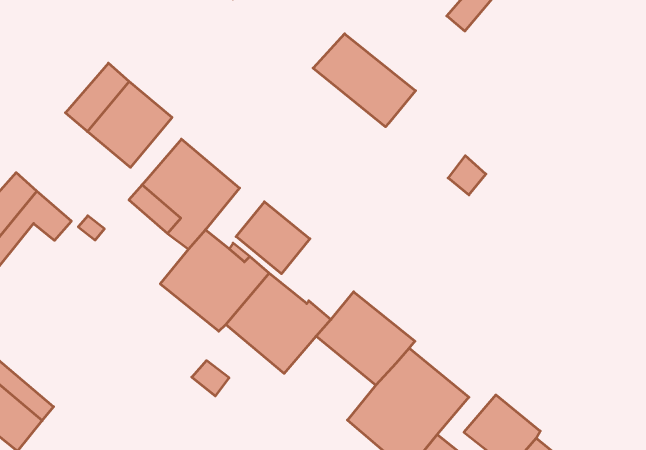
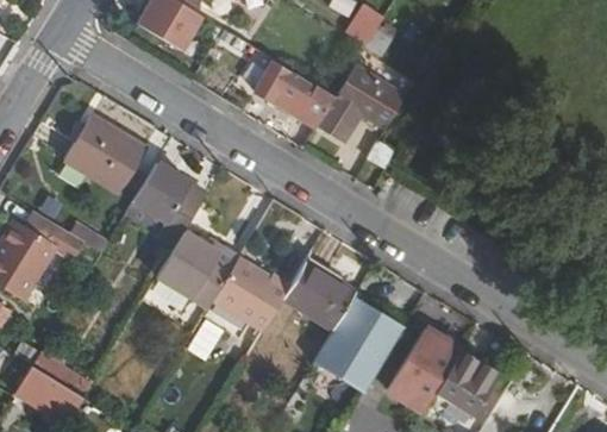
building: none -> [315,79,402,146]
building: [236,202,310,274] -> none

